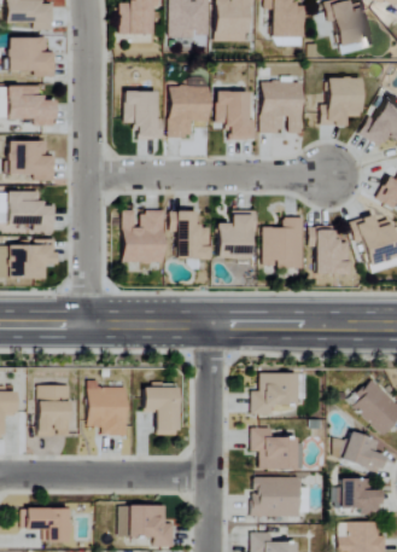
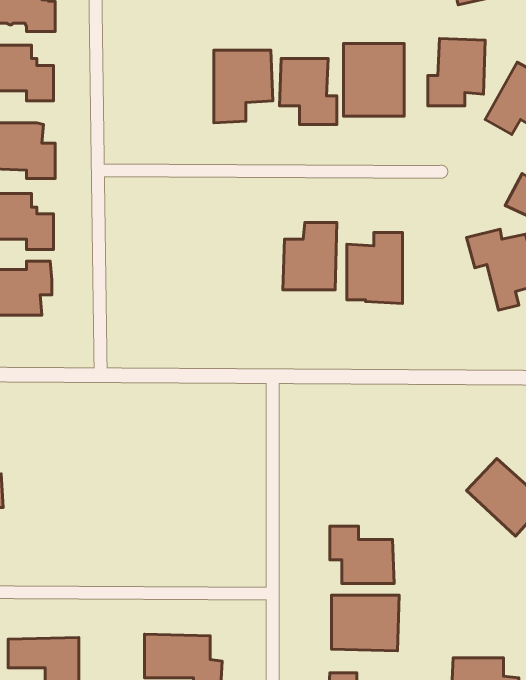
building: [123,93,158,140] -> none
building: [123,210,164,262] -> none
building: [169,210,210,258] -> none
building: [308,227,349,273] -> none
building: [251,372,297,413] -> none
building: [87,380,128,435] -> none
building: [37,385,70,436] -> none
building: [145,387,179,435] -> none
building: [341,431,386,473] -> none
building: [332,478,380,515] -> none

